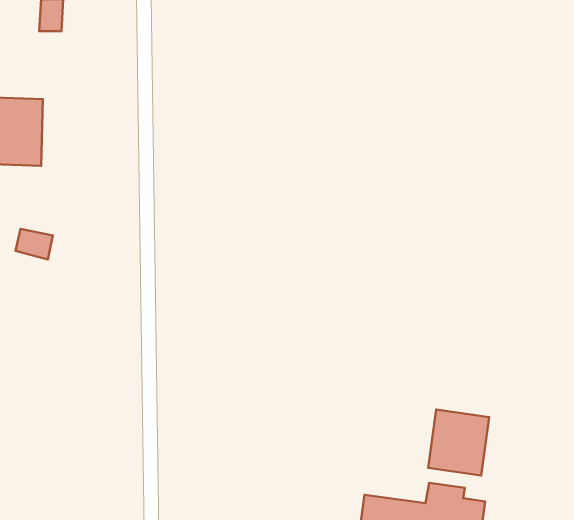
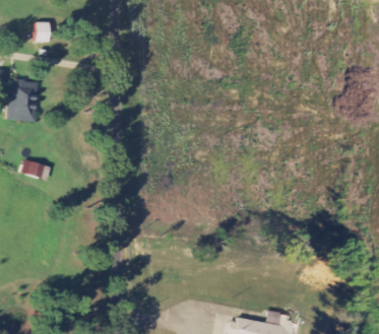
building: [428,410,489,476] -> none

